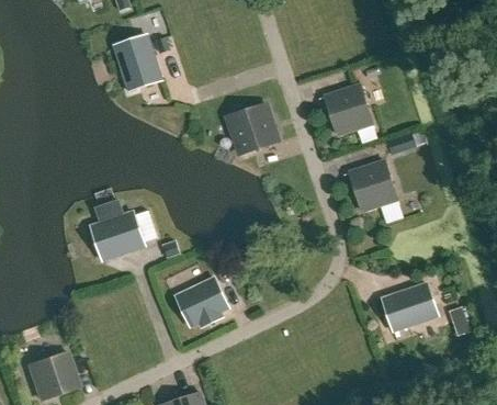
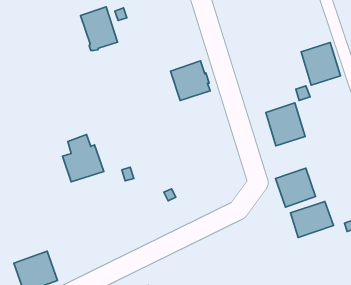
building: [324,82,374,137] -> [301,42,340,85]
building: none -> [276,168,316,207]
building: [173,278,226,327] -> none

